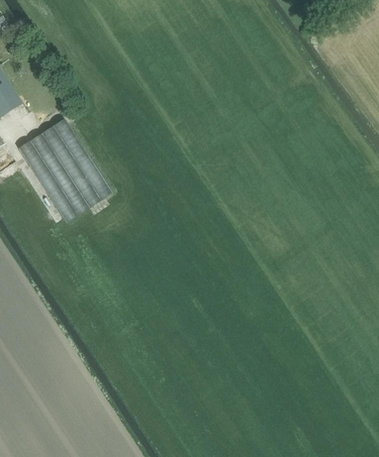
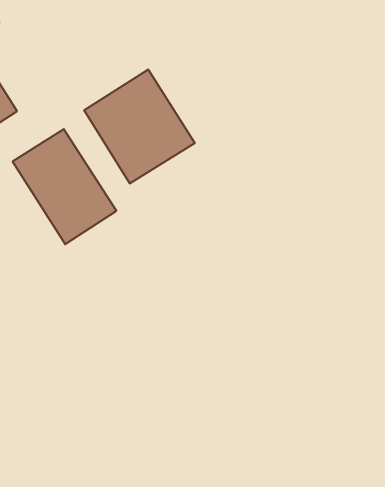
building: none -> [84,69,195,184]

